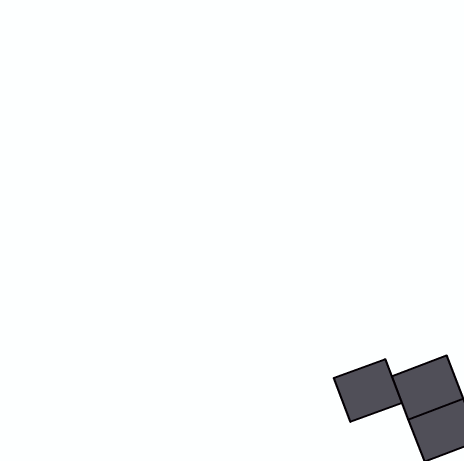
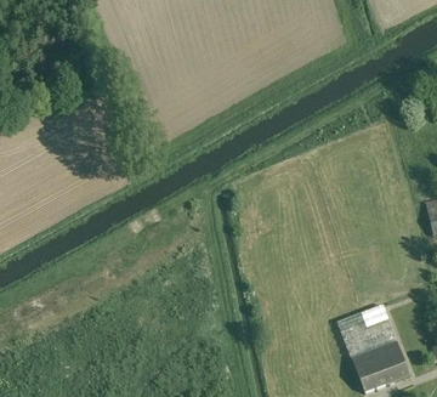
building: [334,359,402,422] -> none

